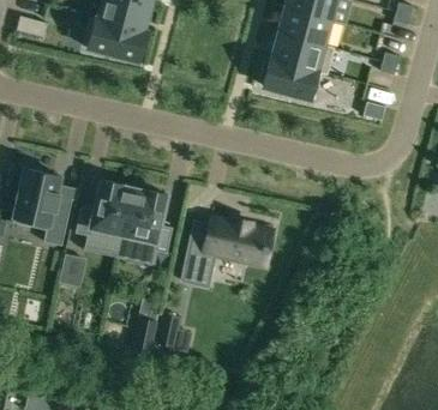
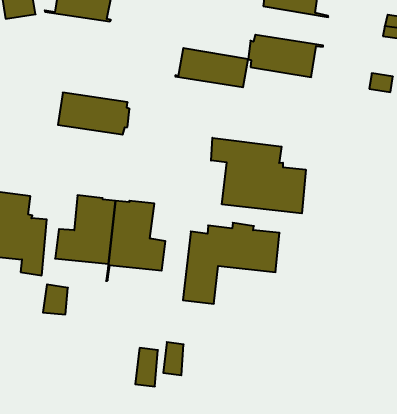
building: [83,18,146,60] -> [58,93,130,135]
building: [270,34,335,73] -> [175,48,248,87]
building: none -> [211,138,306,213]

